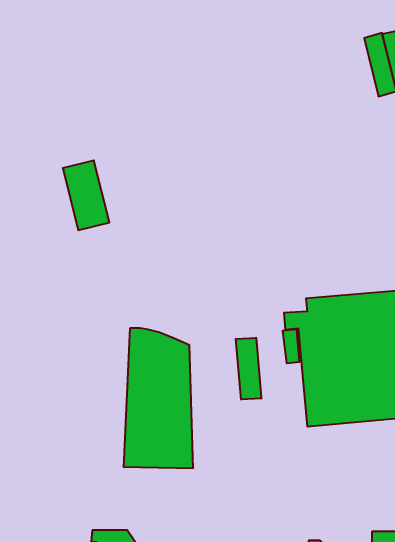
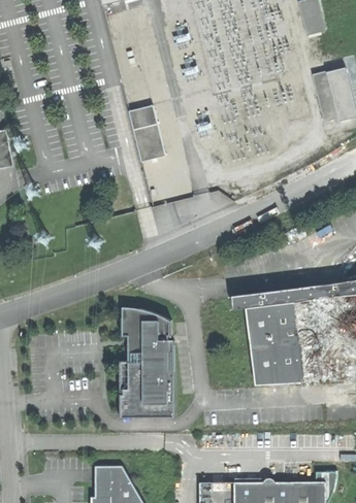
building: [63,160,109,230] -> [129,106,166,162]
building: [236,338,262,400] -> none

